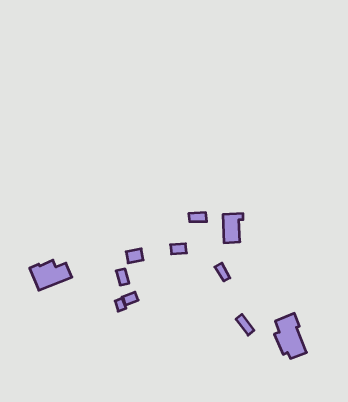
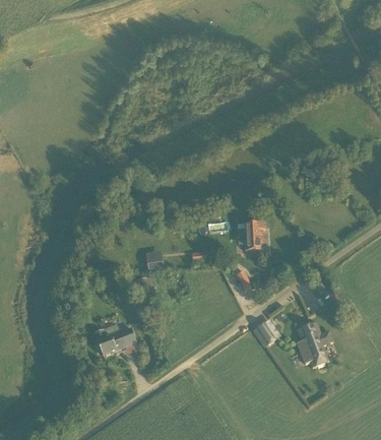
building: [30,260,72,290] -> [93,324,136,355]

